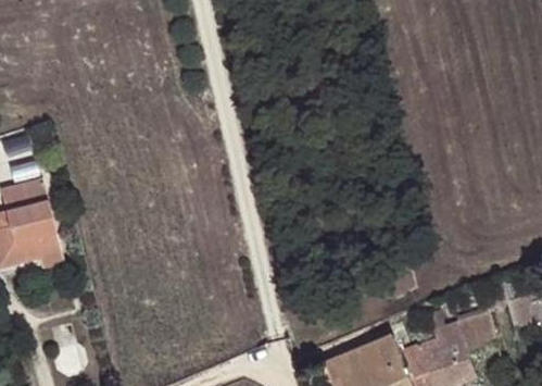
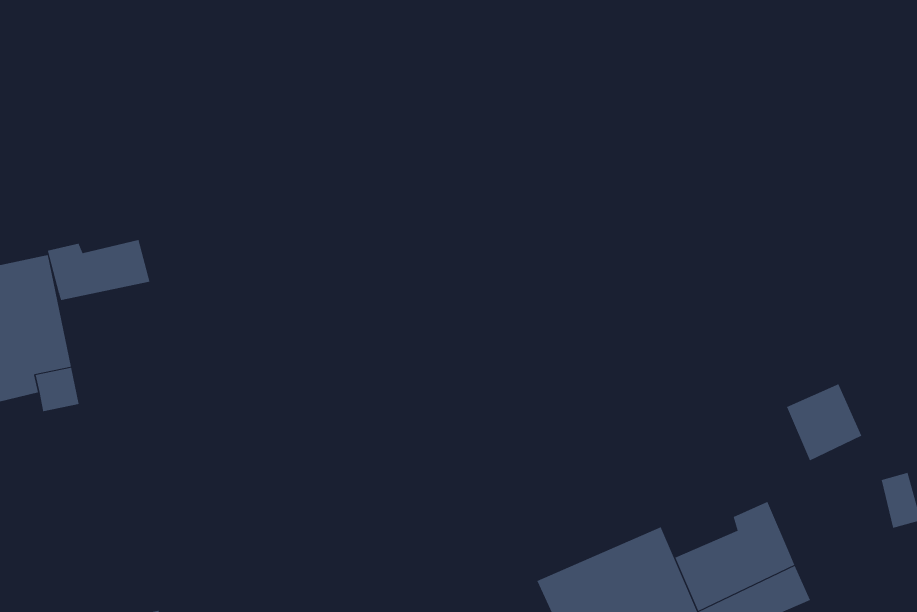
building: none -> [47,239,150,301]
building: [449,307,491,350] -> [786,383,862,461]

